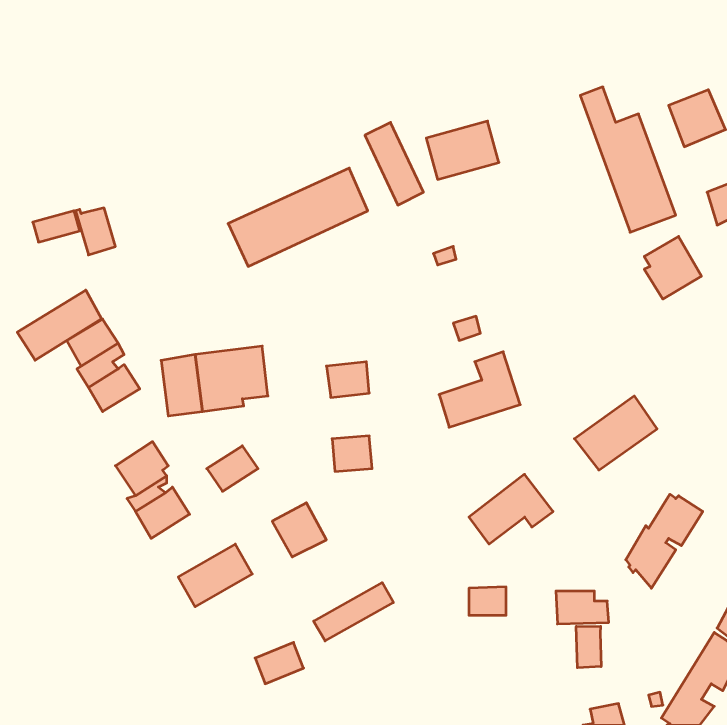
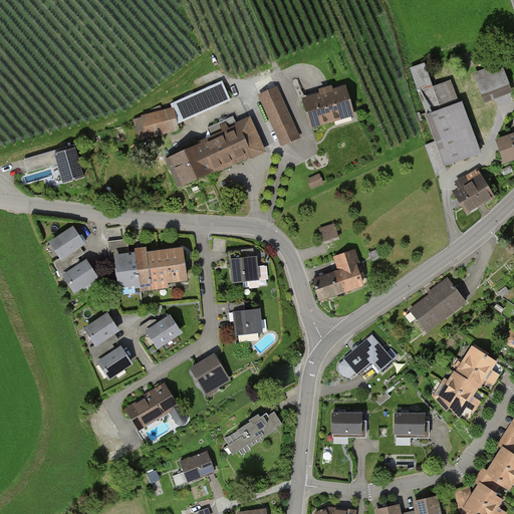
building: none -> [141,80,227,138]
building: [17,290,102,360] -> none
building: [576,626,601,668] -> none

